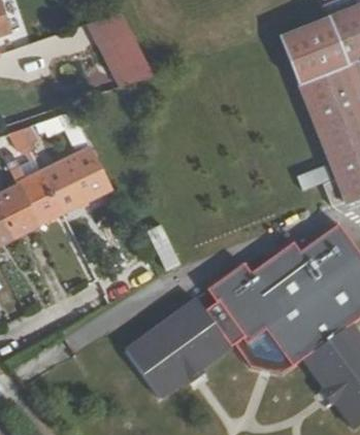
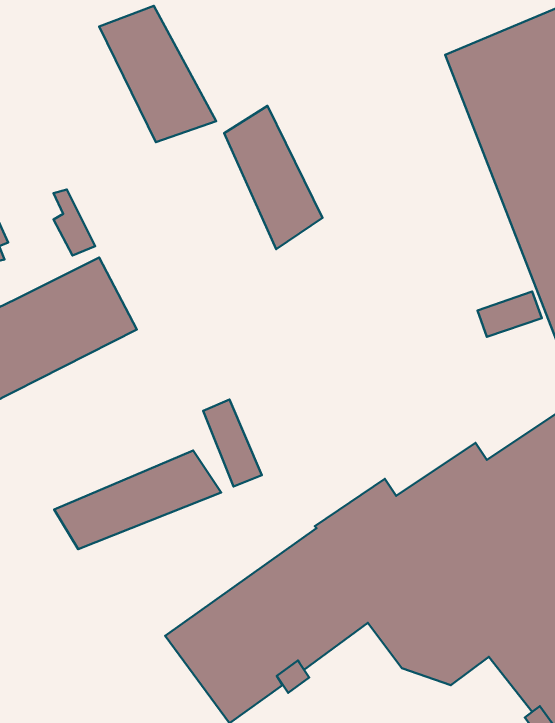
building: none -> [224,106,323,249]
building: none -> [54,451,221,549]

